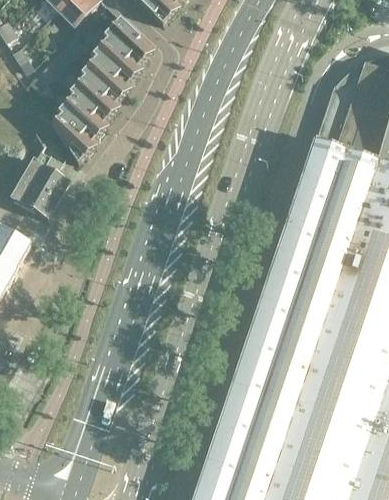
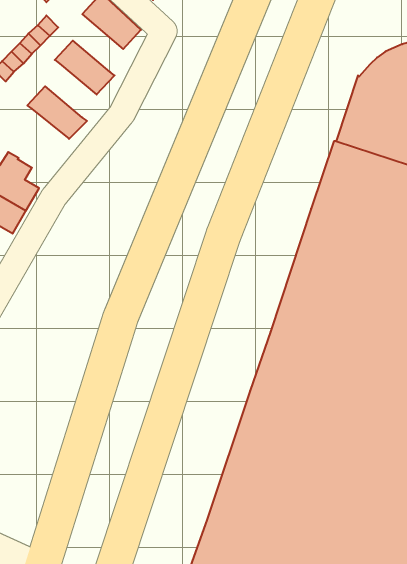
building: [89,33,142,81] -> none
building: [70,74,119,119] -> none
building: [52,112,96,160] -> none

